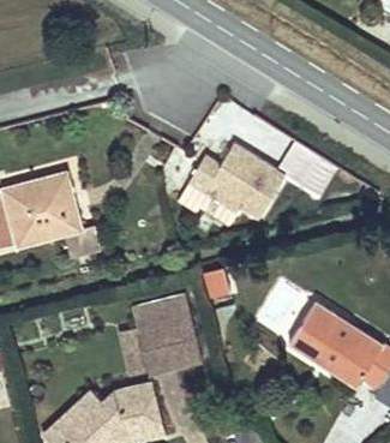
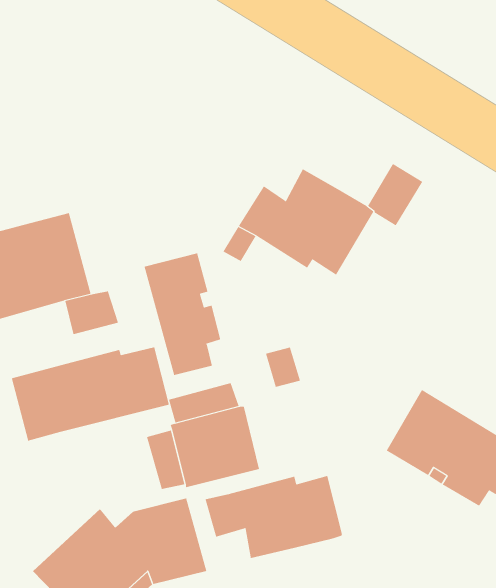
building: none -> [144,253,221,376]
building: none -> [11,347,170,441]
building: none -> [205,475,342,559]

